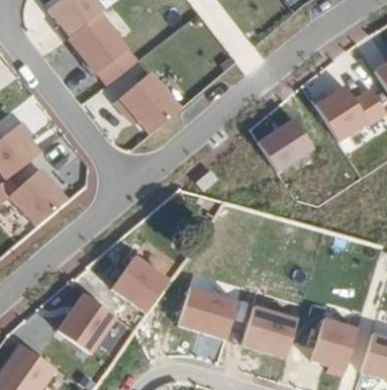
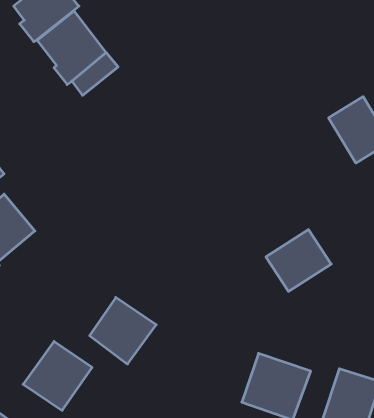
building: [114,72,180,132] -> none
building: [258,118,313,171] -> [266,230,331,291]
building: [178,284,240,340] -> none

